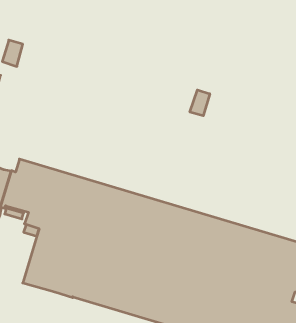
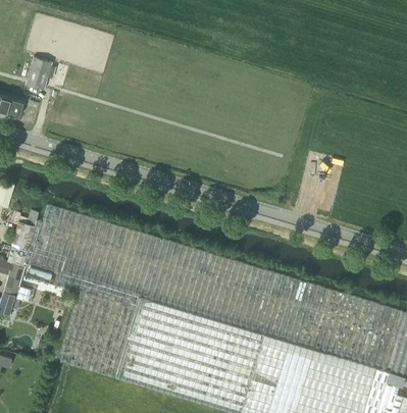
building: [190,90,210,116] -> none

